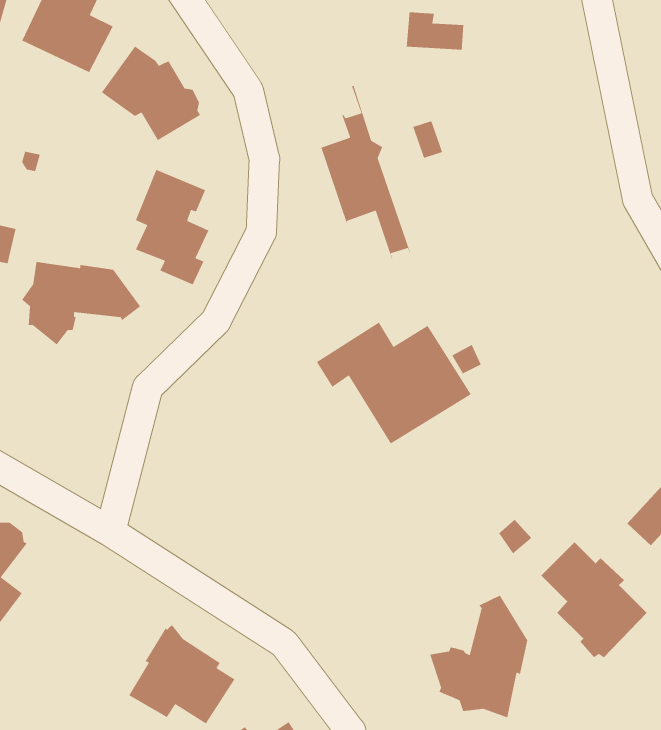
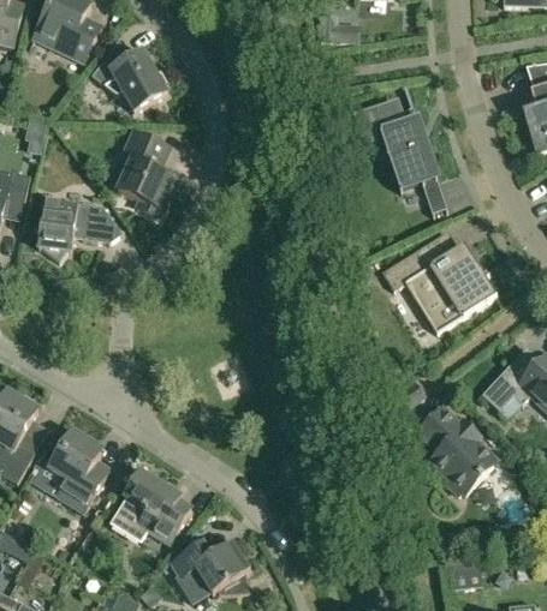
building: [318,85,411,260] -> [380,86,448,216]
building: [316,321,472,445] -> [382,241,498,333]
building: none -> [48,431,112,507]
building: [429,594,528,719] -> none

